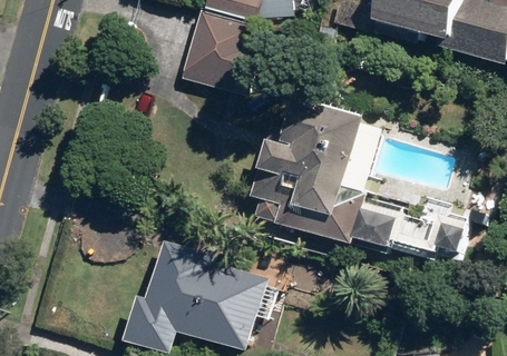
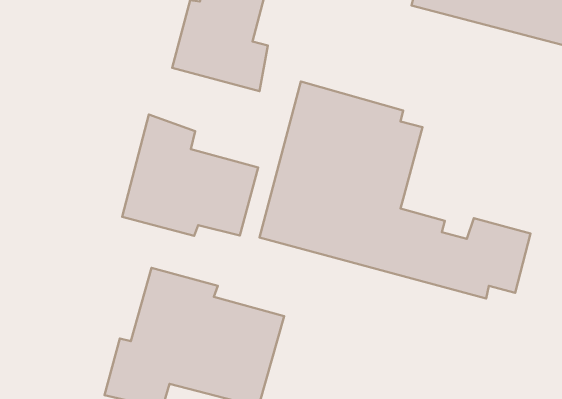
building: none -> [122,115,258,236]

